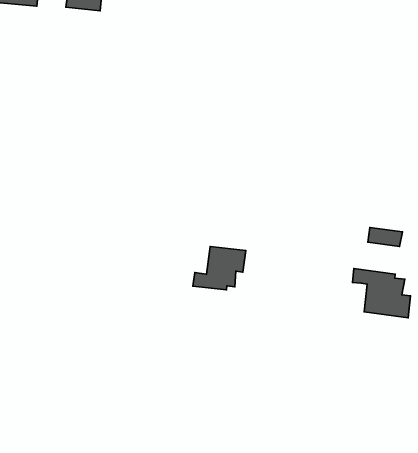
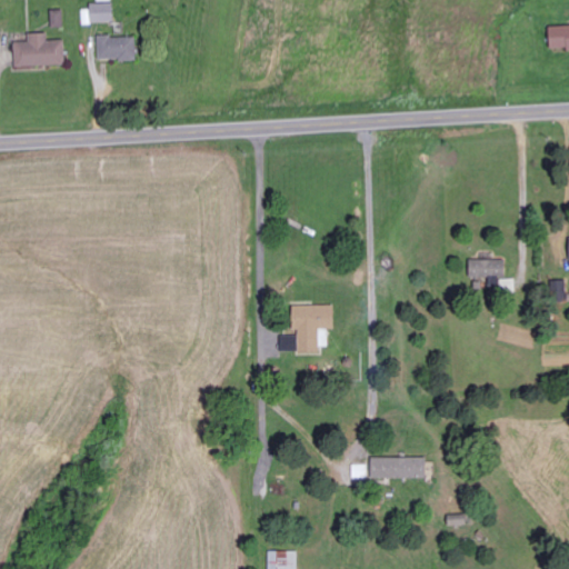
building: [353,268,410,318] -> none
building: none -> [369,457,425,479]

